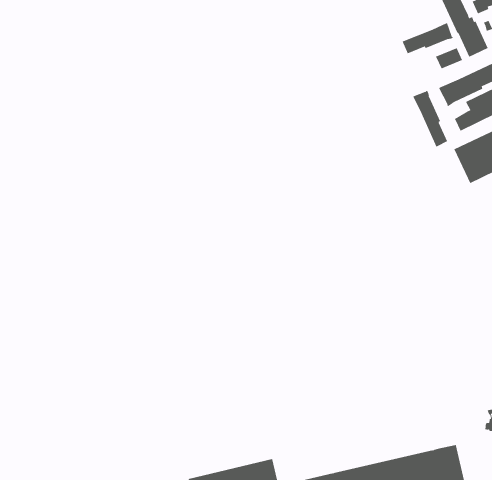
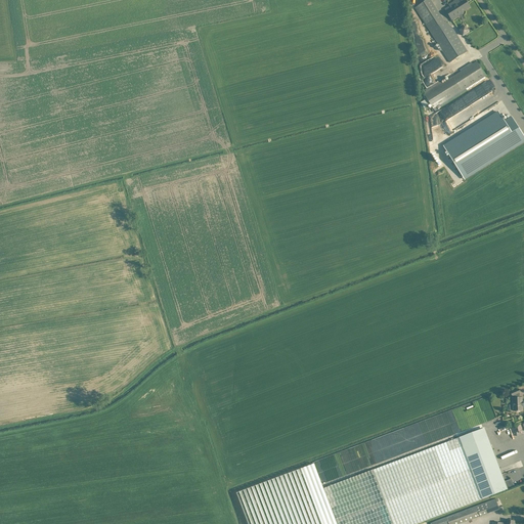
building: [402,22,454,54] -> none
building: [413,89,448,148] -> none

